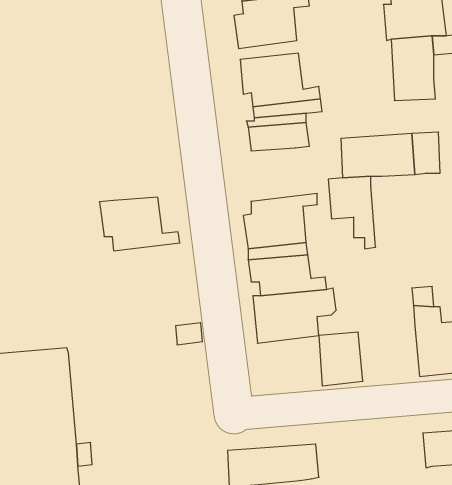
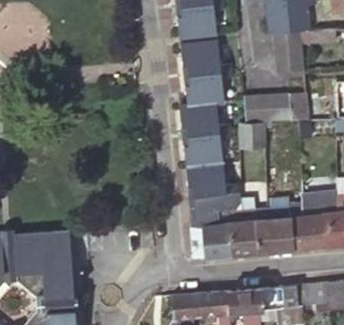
building: [99,197,180,251] -> [177,104,228,138]
building: none -> [253,210,294,253]
building: none -> [189,223,231,259]
building: none -> [227,286,298,314]

